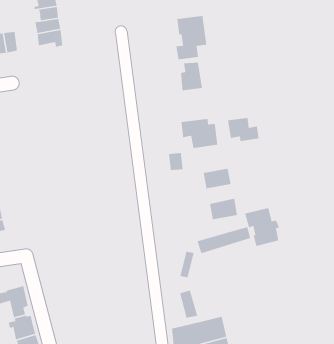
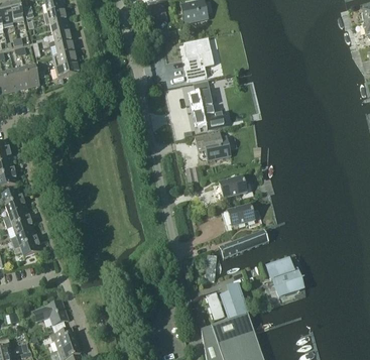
building: [227,117,260,142] -> [194,104,225,127]
building: [244,207,280,247] -> [266,258,300,295]
building: none -> [221,282,247,319]

